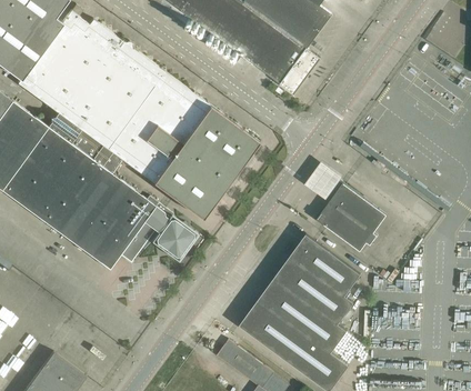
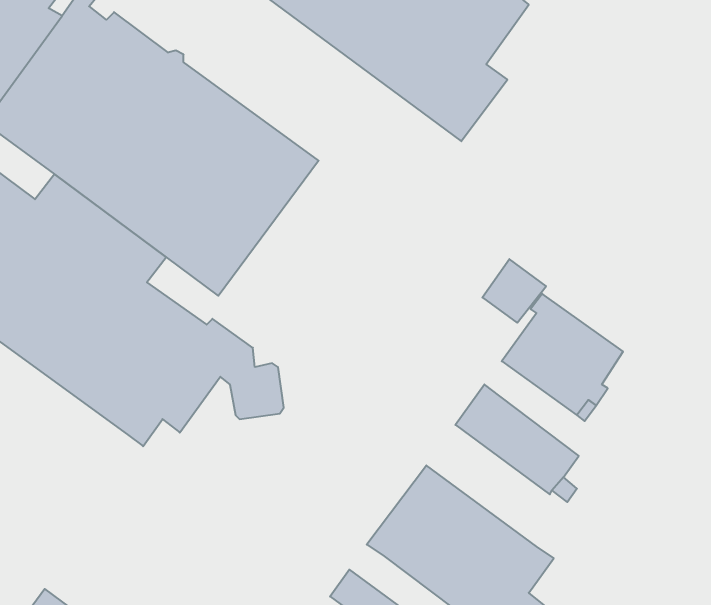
building: [152,104,259,218] -> none
building: [272,257,353,327] -> none

